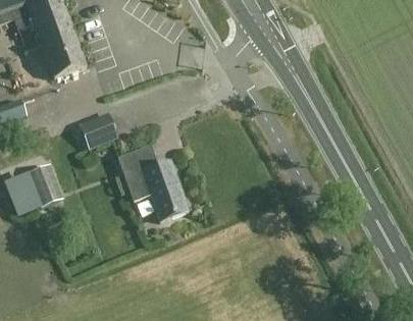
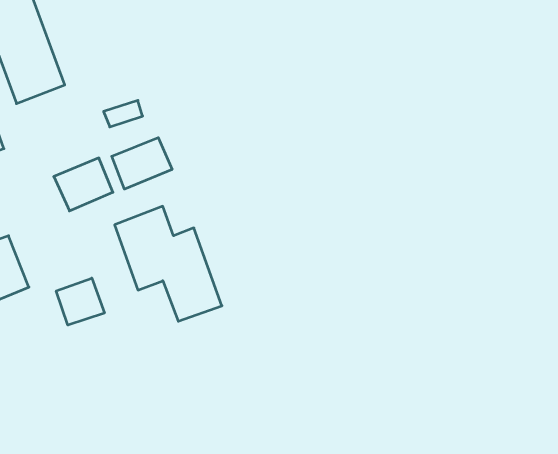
building: none -> [112,138,172,189]
building: none -> [56,278,104,325]

